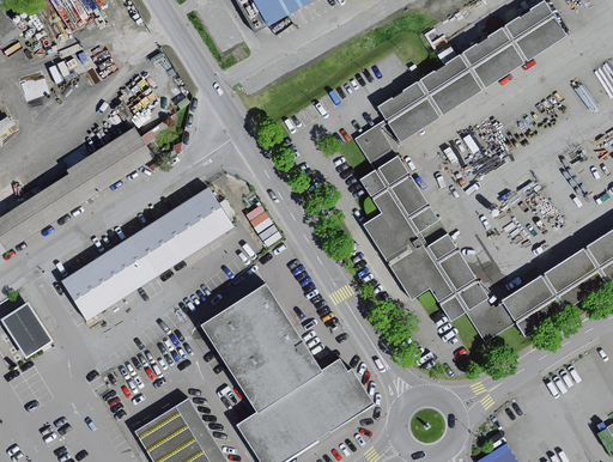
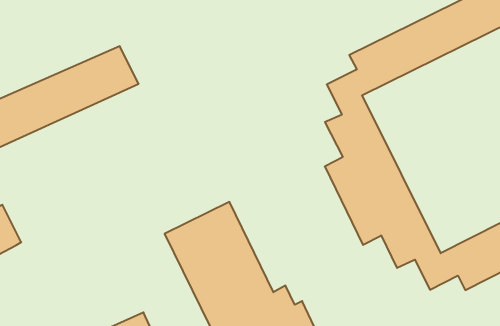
building: [65,189,231,316] -> none

